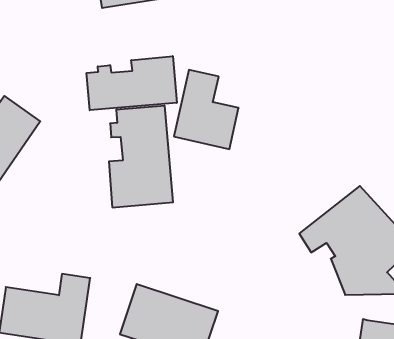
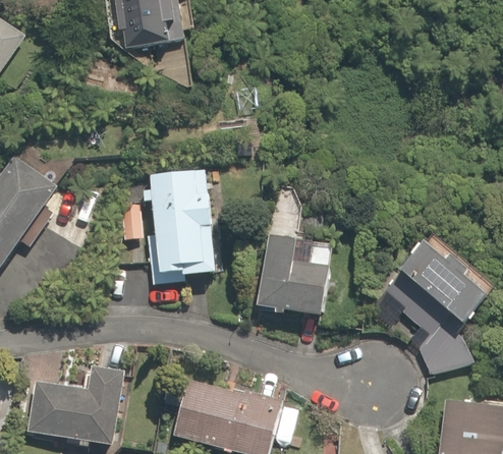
building: [87,56,177,110] -> none
building: [174,70,239,149] -> [255,226,329,317]

